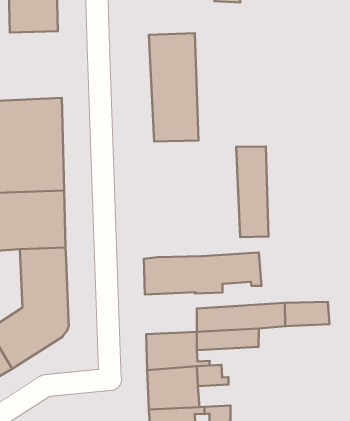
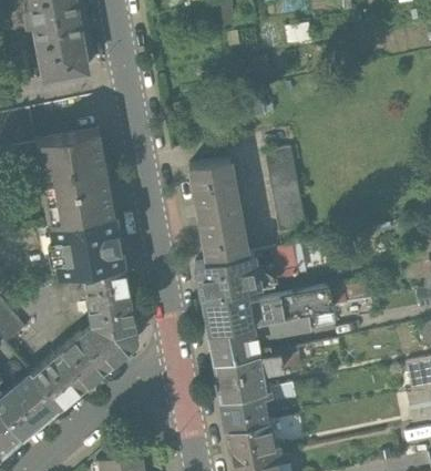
building: [149,33,199,141] -> [188,158,247,262]
building: none -> [201,288,253,332]

